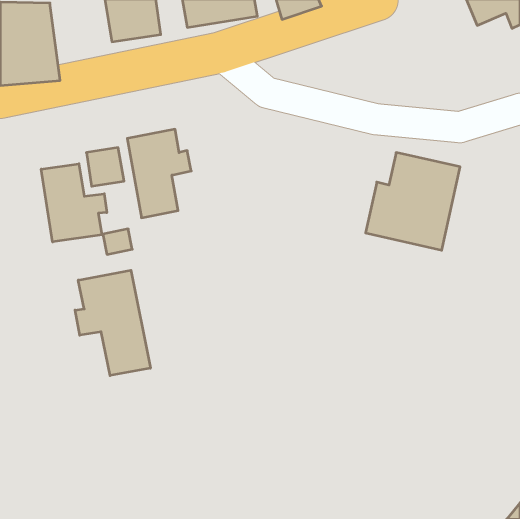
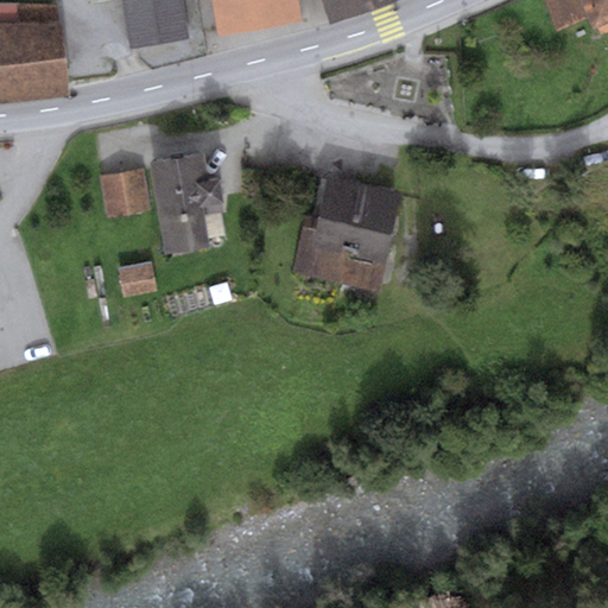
building: [366,153,460,250] -> [292,177,403,291]
building: [41,164,107,242] -> none
building: [75,270,150,376] -> none

